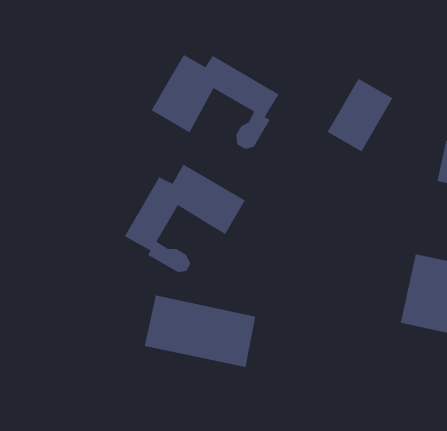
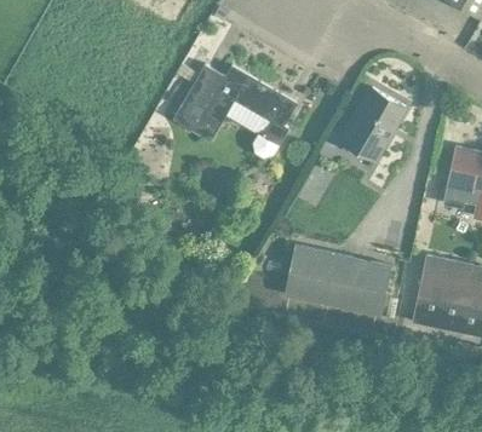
building: [124,163,246,273] -> none
building: [144,295,256,368] -> [282,246,390,316]

